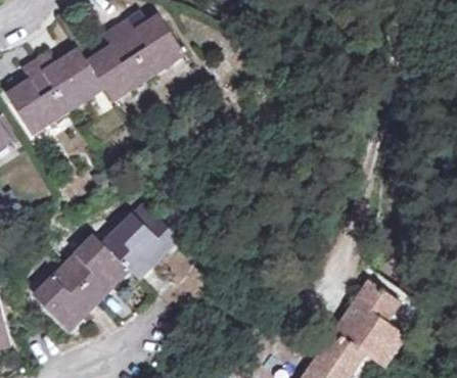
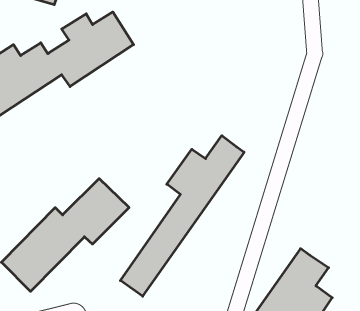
building: none -> [120,136,244,296]

